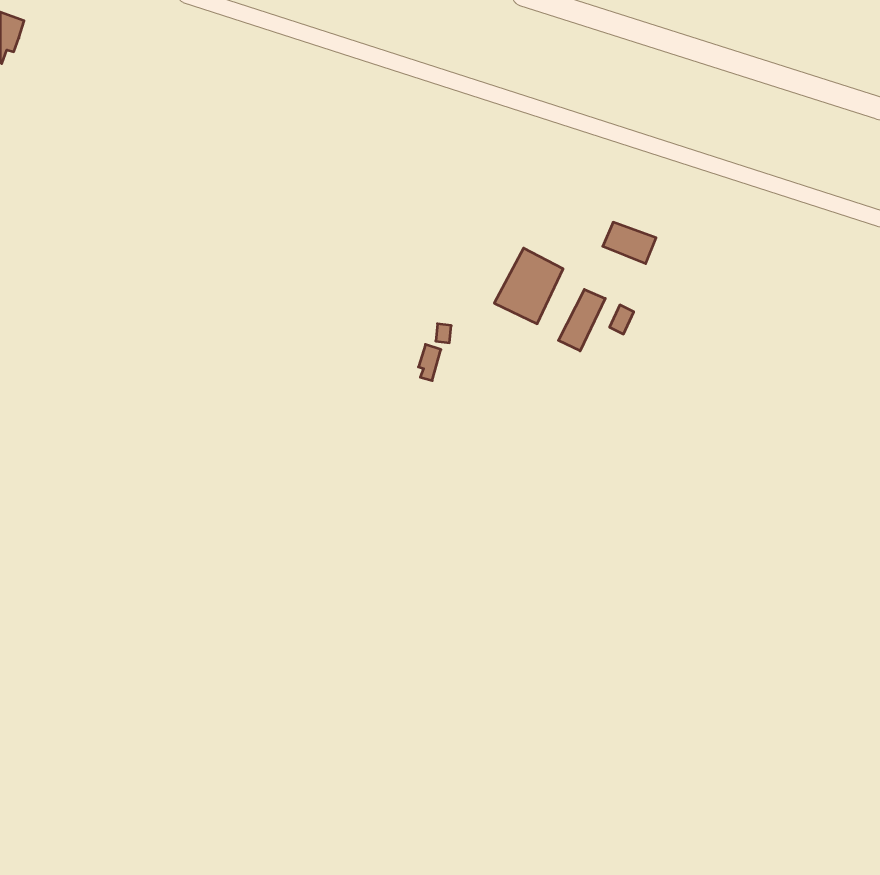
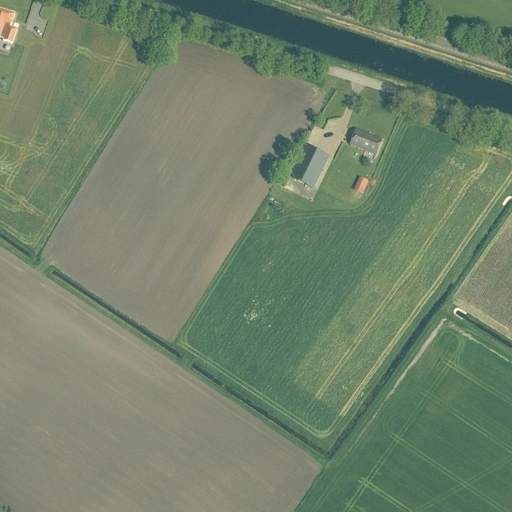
building: [558,289,605,351] -> none

